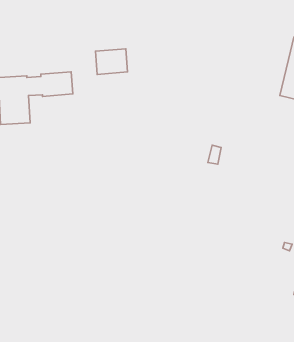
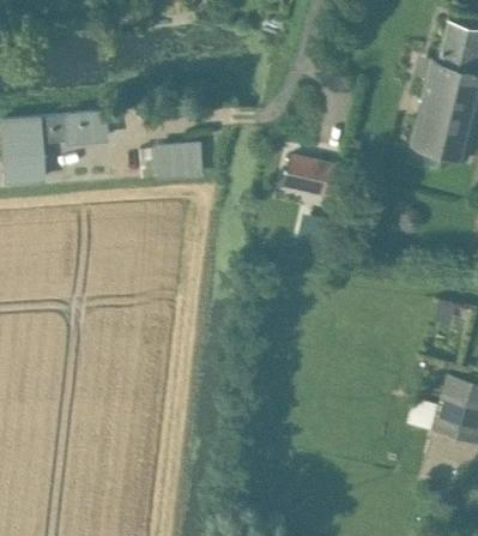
building: [95,49,128,74] -> [156,141,202,179]
building: none -> [285,159,335,198]

